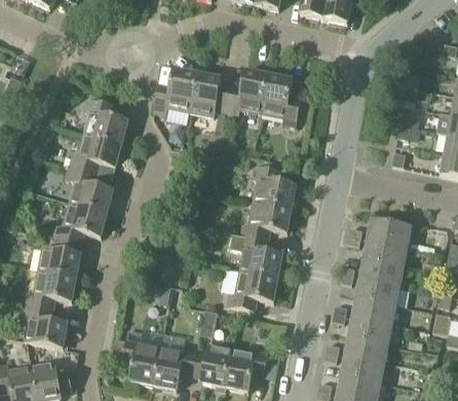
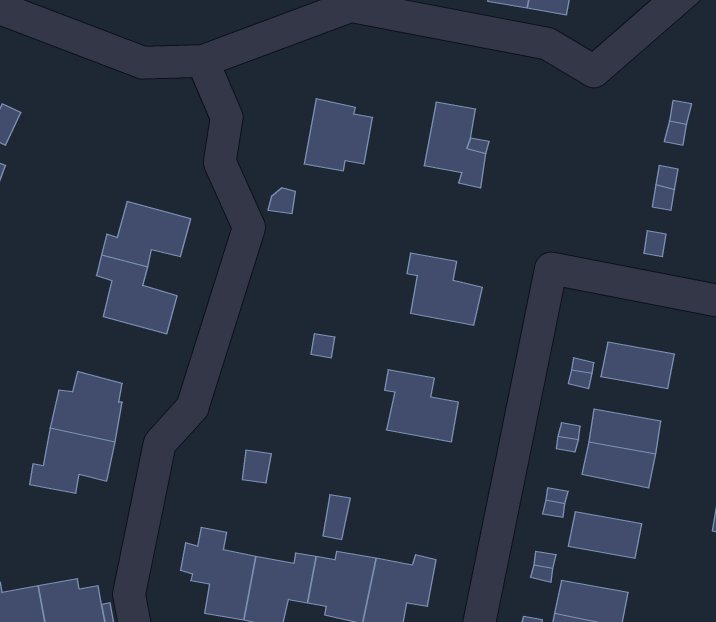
building: [153,68,196,112] -> none
building: [225,69,268,114] -> none
building: [83,98,127,144] -> none
building: [239,200,291,240] -> none
building: [53,203,107,243] -> none
building: [362,239,407,265] -> none
building: [226,270,277,309] -> none
building: [351,297,395,327] -> none
building: [22,303,67,348] -> none
building: [343,340,387,368] -> none

